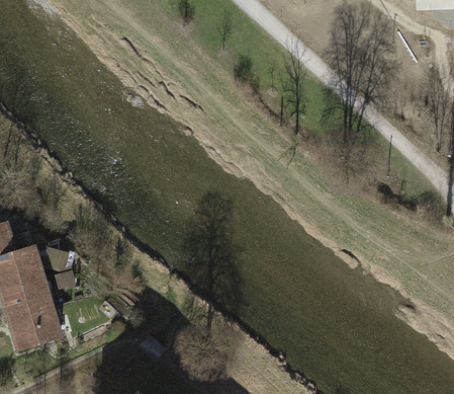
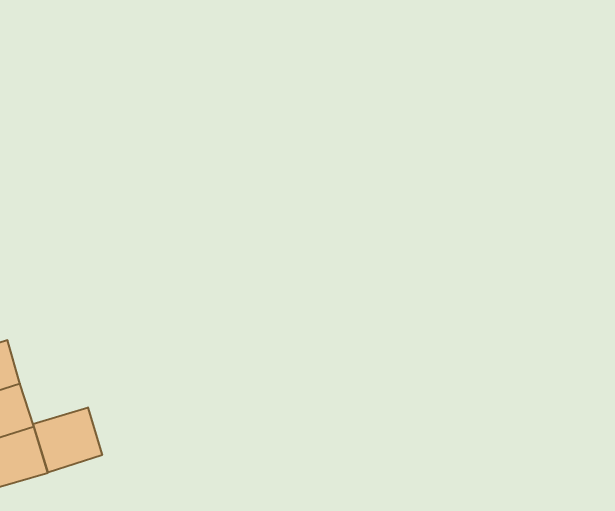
building: none -> [33,407,102,473]

